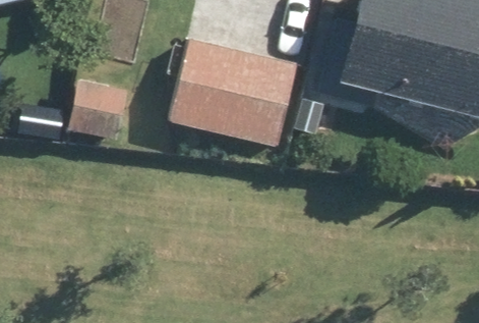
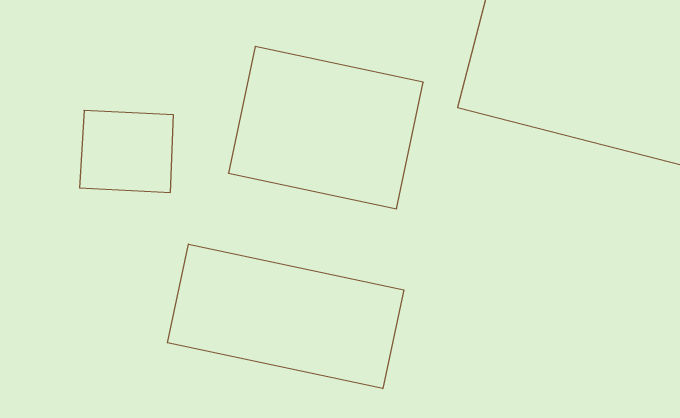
building: none -> [167,244,404,389]

